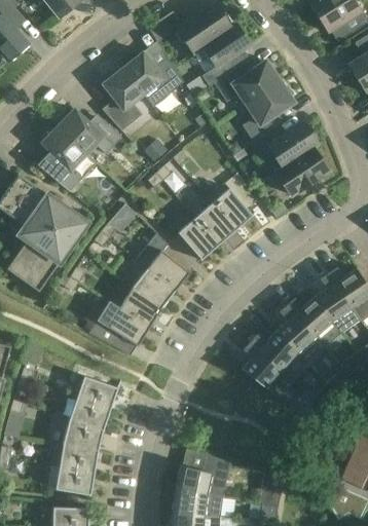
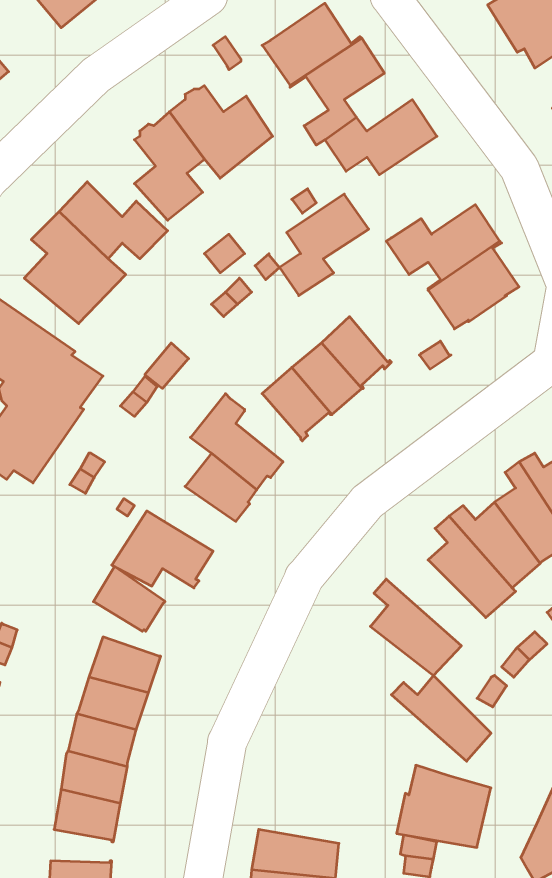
building: [243,82,295,142] -> [280,194,369,296]
building: [120,288,162,326] -> [93,567,165,631]
building: [251,331,309,381] -> [391,675,491,761]
building: [176,449,231,497] -> [397,765,491,847]

